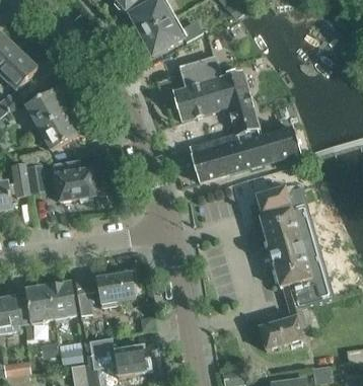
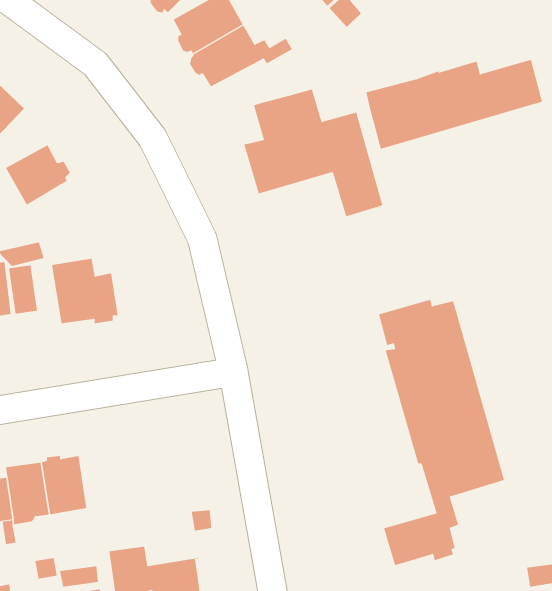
building: [39,112,78,150] -> none
building: [190,127,299,182] -> [365,59,543,150]
building: [75,272,137,315] -> none

